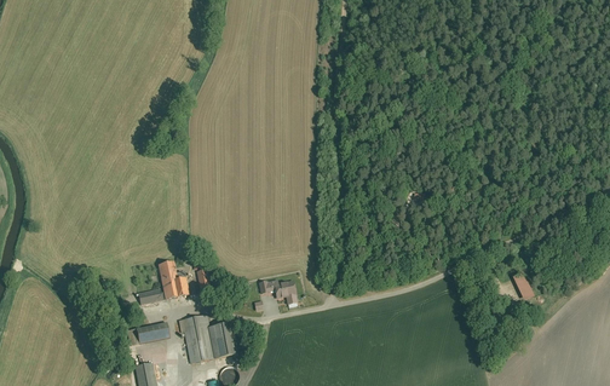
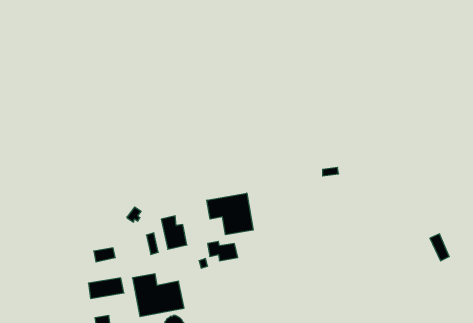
building: none -> [207,193,253,235]
building: [156,260,185,298] -> [161,216,187,249]

